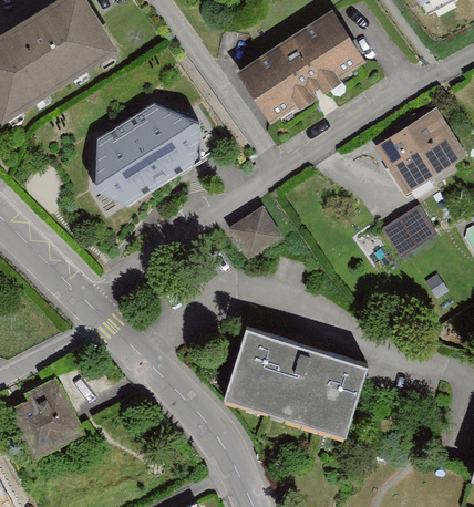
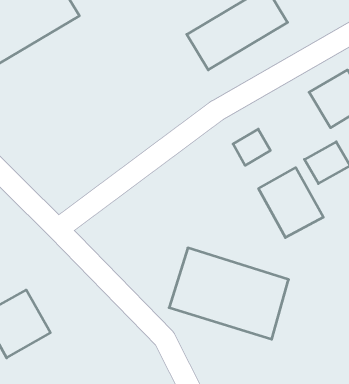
building: [95,103,197,205] -> none
building: [236,210,280,254] -> [233,129,270,165]
building: none -> [259,168,323,238]

